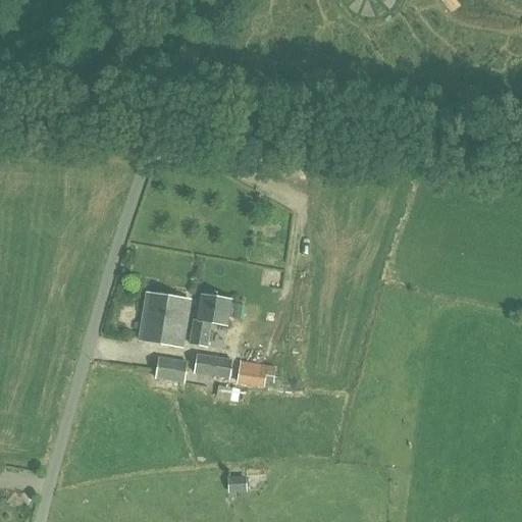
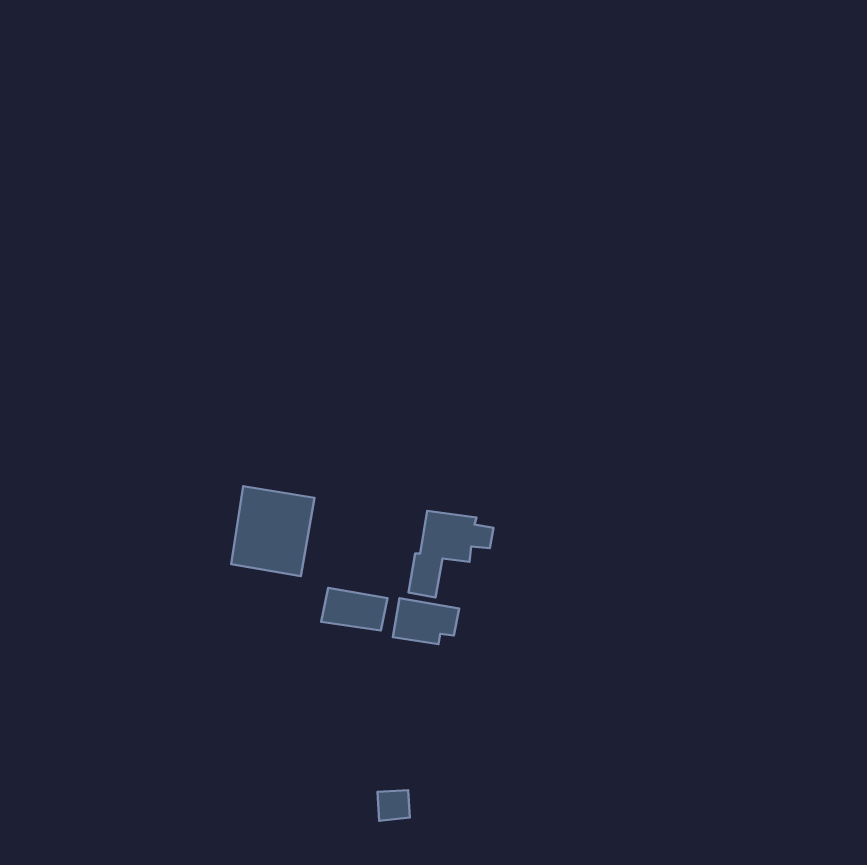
building: [190,294,241,346] -> [408,511,493,598]
building: [155,355,188,382] -> none

